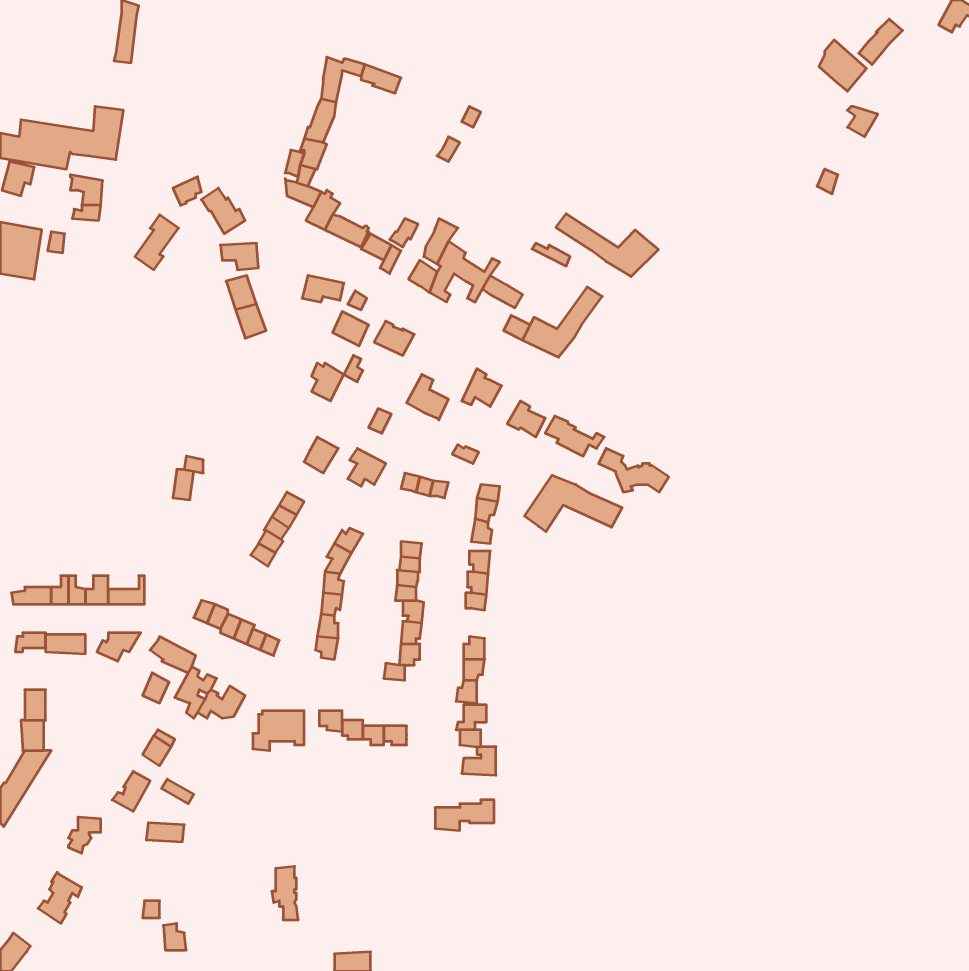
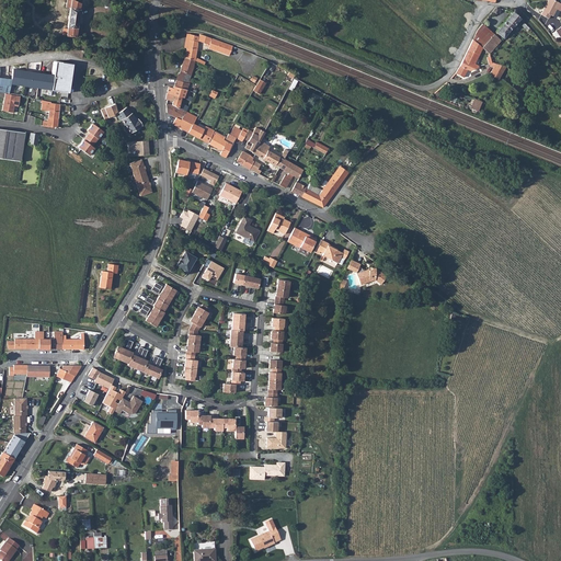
building: none -> [456,38,483,77]
building: [556,214,658,277] -> none
building: [525,475,622,532] -> none
building: none -> [250,522,280,551]

